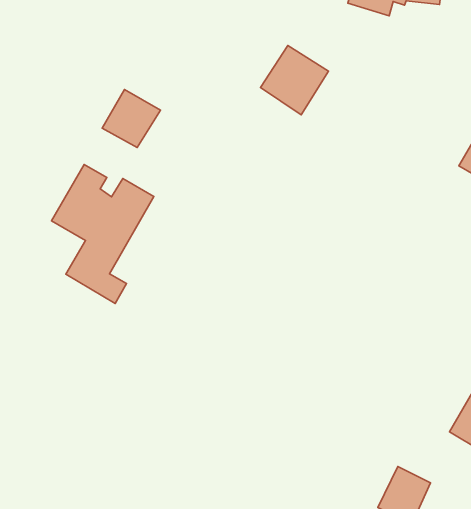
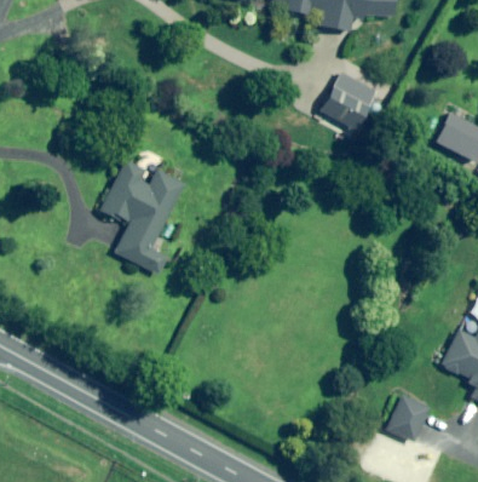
building: [260,46,329,115] -> [316,81,372,138]
building: [102,90,160,147] -> none

